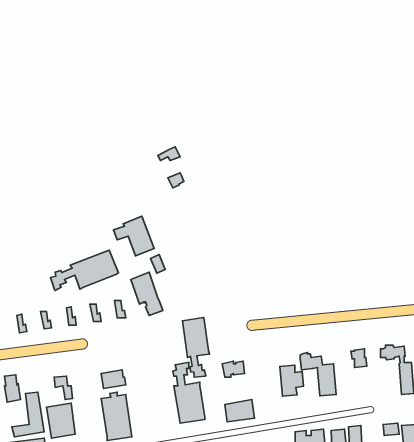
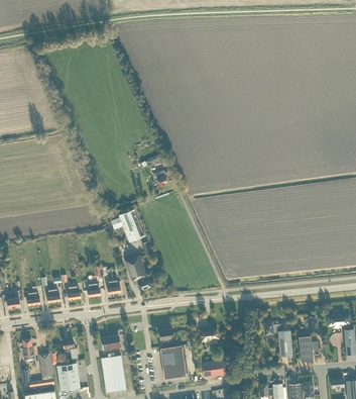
building: [51,250,118,290] -> none
building: [182,318,209,377] -> none
building: [280,365,303,396] -> [298,335,317,361]

